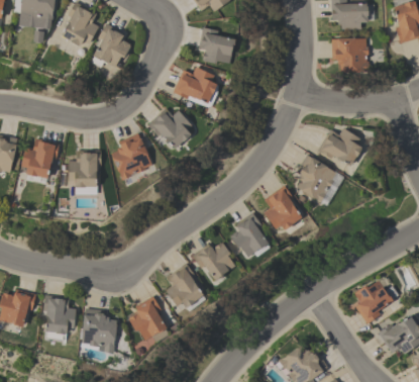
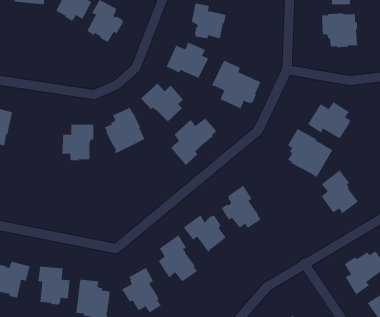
building: none -> [212,60,261,109]
building: [21,138,60,178] -> none
building: none -> [171,117,217,166]
building: [264,185,302,230] -> [321,170,359,214]

